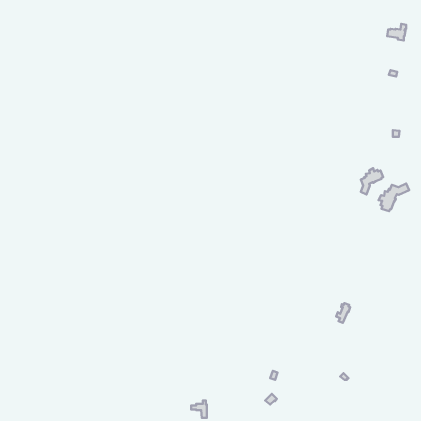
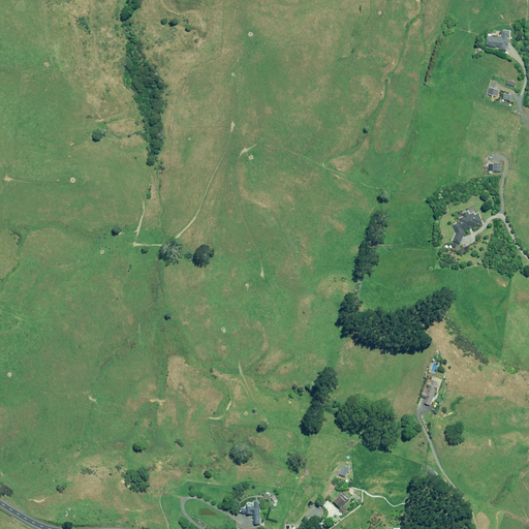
building: [378,184,409,211] -> none

